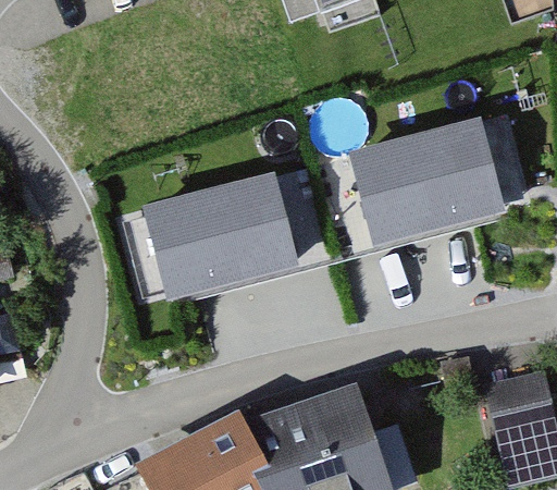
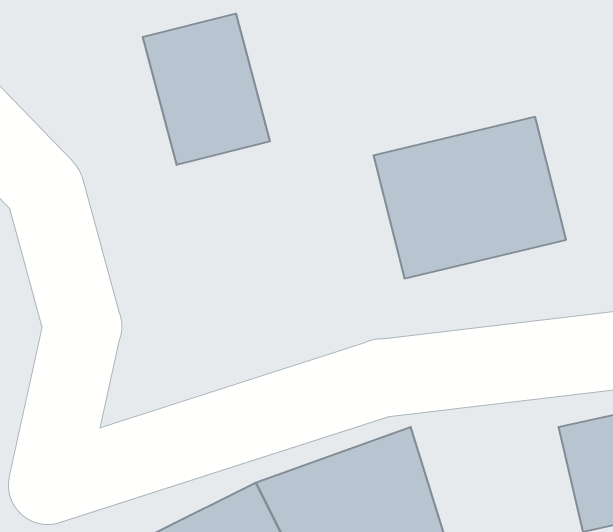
building: none -> [143,14,270,165]
building: [135,168,302,311] -> none

